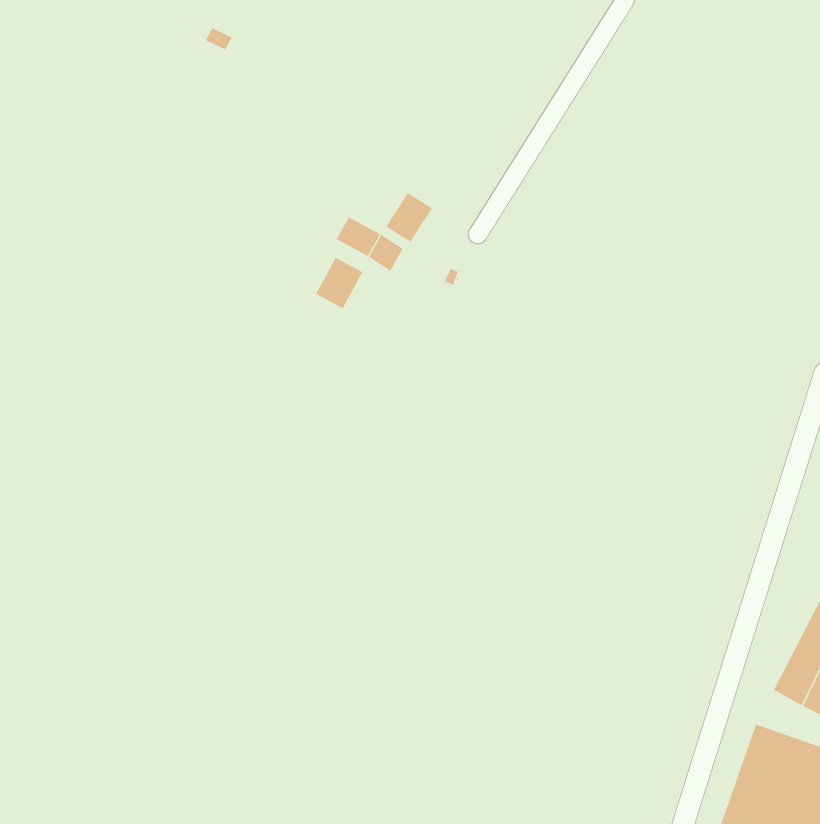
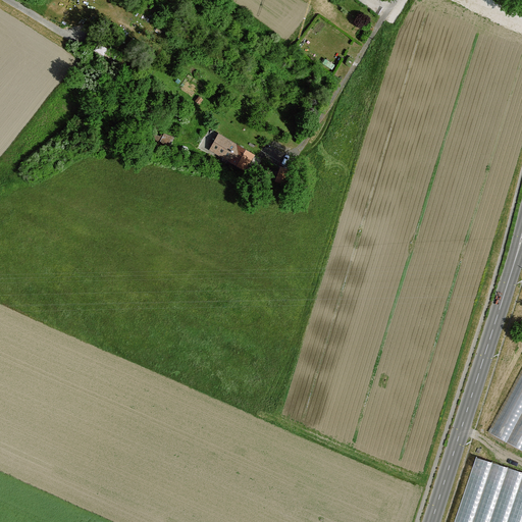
building: [385,192,433,242] -> none
building: [315,257,363,309] -> none

